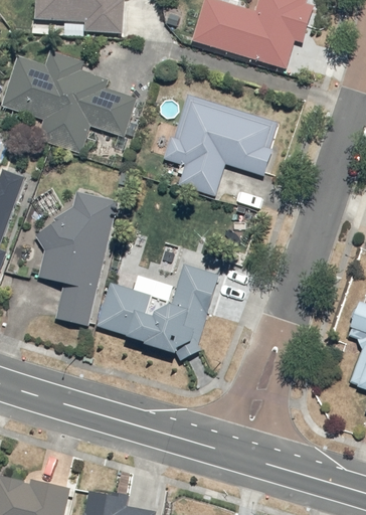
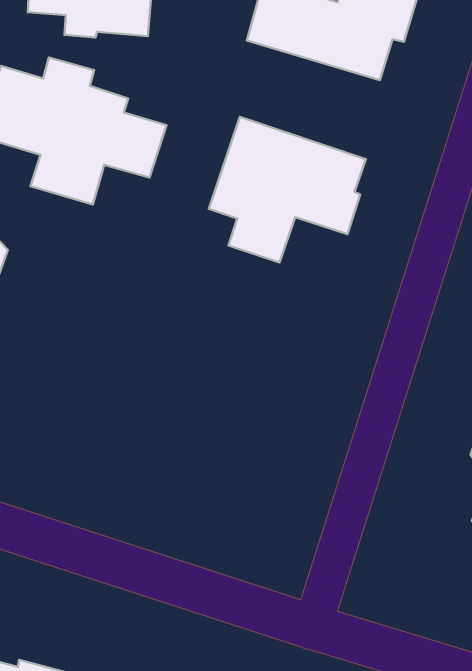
building: [38,195,116,327] -> none
building: [99,266,220,361] -> none

